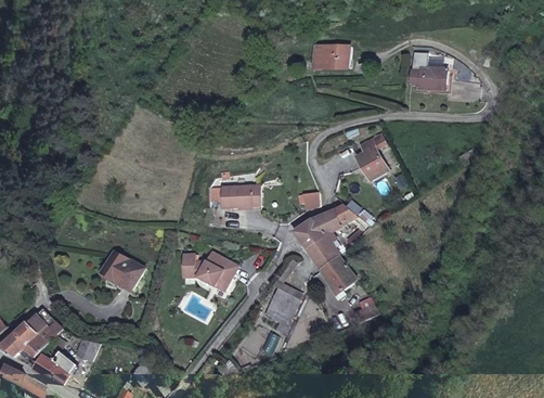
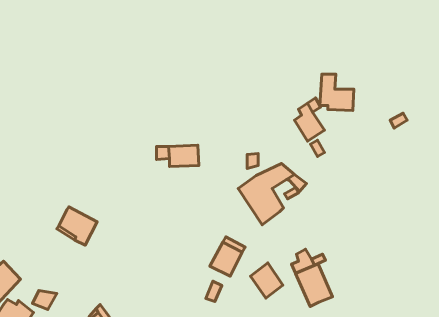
building: [314,46,350,68] -> none
building: [411,51,448,90] -> [320,74,354,110]
building: [182,251,237,291] -> none
building: [322,256,357,294] -> [251,263,283,298]
building: none -> [296,264,333,306]

